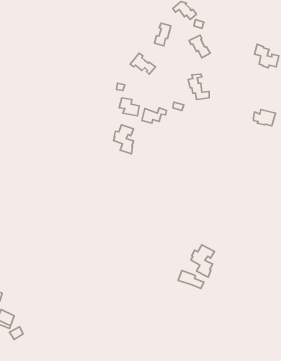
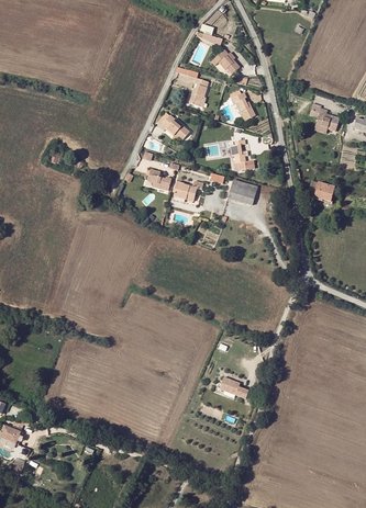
building: none -> [228,180,257,204]
building: [114,125,133,154] -> none
building: [191,245,214,277] -> none

